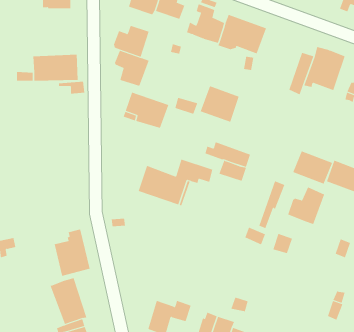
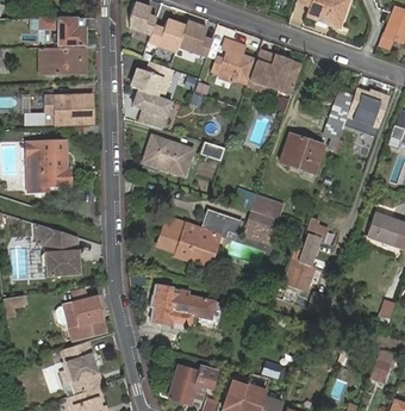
building: none -> [39,46,86,74]
building: [200,86,240,122] -> [280,133,324,174]
building: none -> [23,138,68,192]
building: [293,150,333,185] -> none
building: none -> [33,219,80,274]
building: [287,187,325,225] -> none
building: none -> [149,285,216,329]

